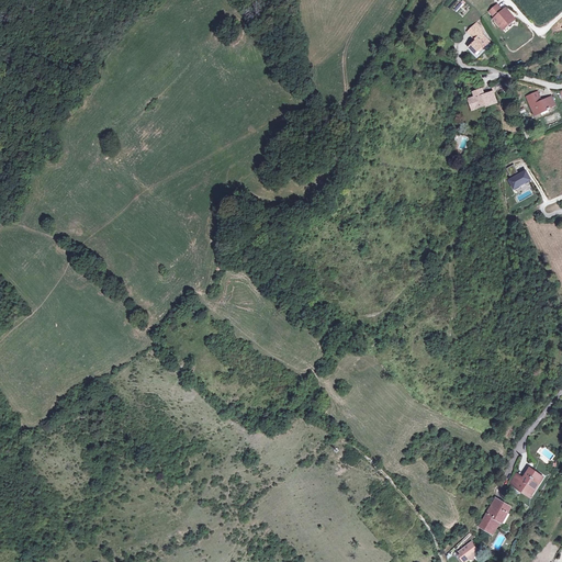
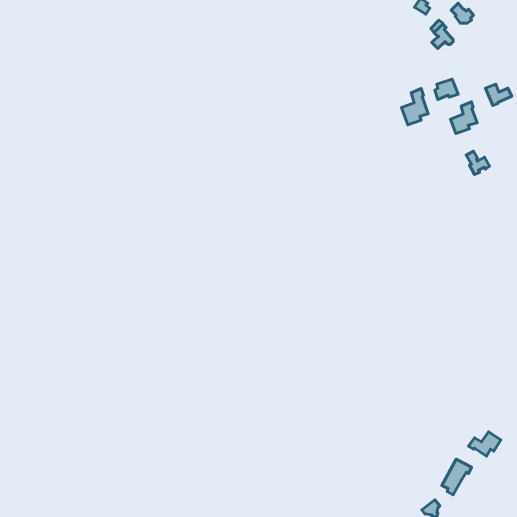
building: none -> [402,89,428,125]
building: none -> [451,102,477,134]

